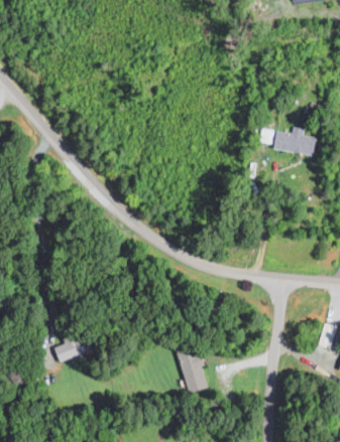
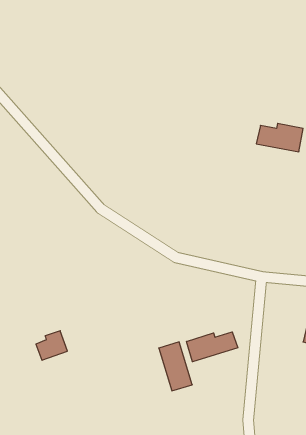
building: none -> [187,332,238,362]

